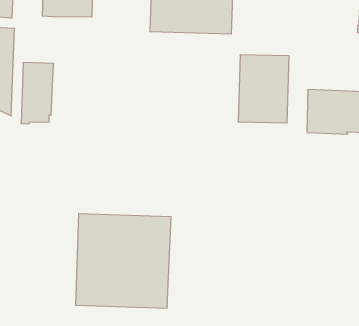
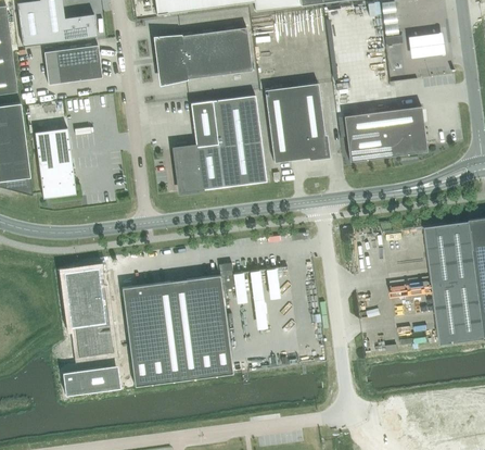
building: none -> [175,95,266,192]
building: none -> [64,267,113,358]
building: none -> [63,365,120,395]

